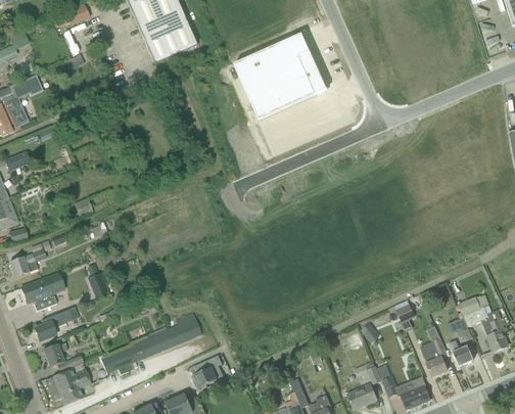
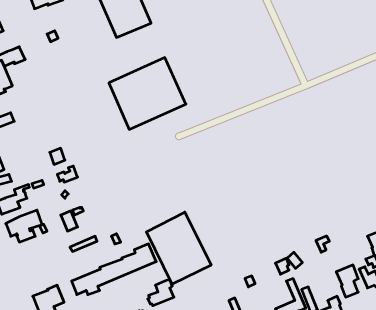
building: [234,33,327,120] -> [109,58,186,129]
building: none -> [146,212,211,284]
building: [34,307,78,339] -> none
building: [43,341,84,370] -> none

